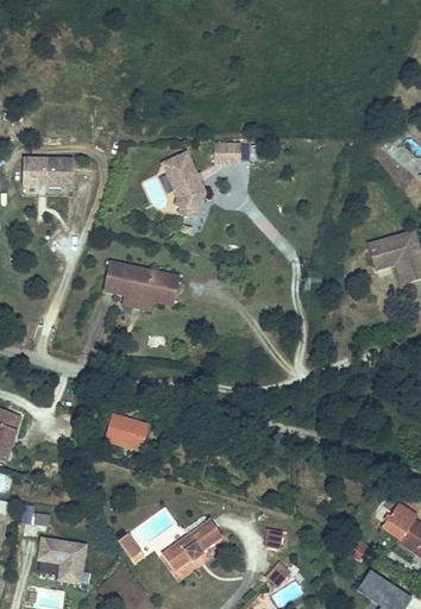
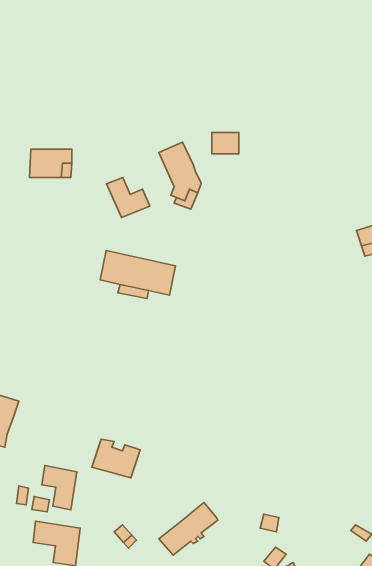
building: none -> [107,177,150,218]
building: [106,415,155,454] -> [92,439,140,478]
building: none -> [42,466,77,510]

